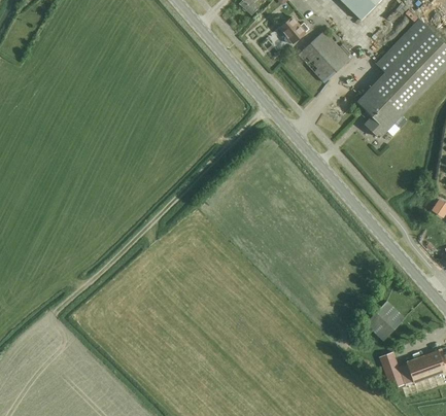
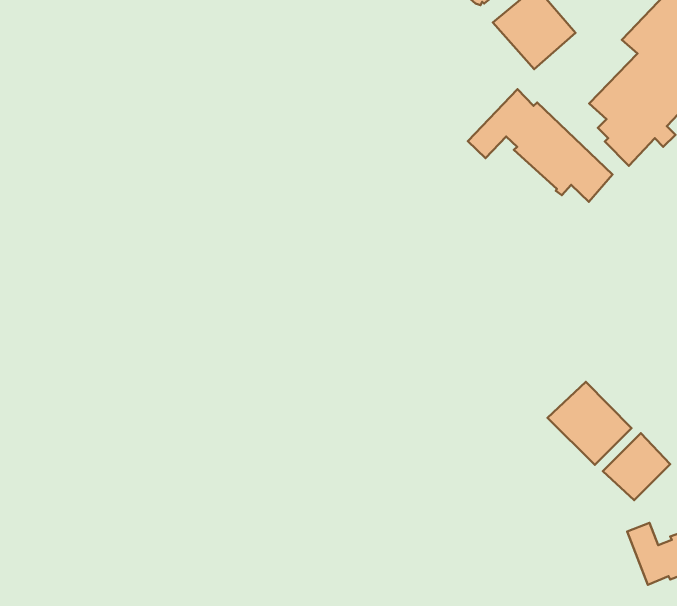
building: none -> [468,89,612,202]
building: none -> [547,382,631,465]

